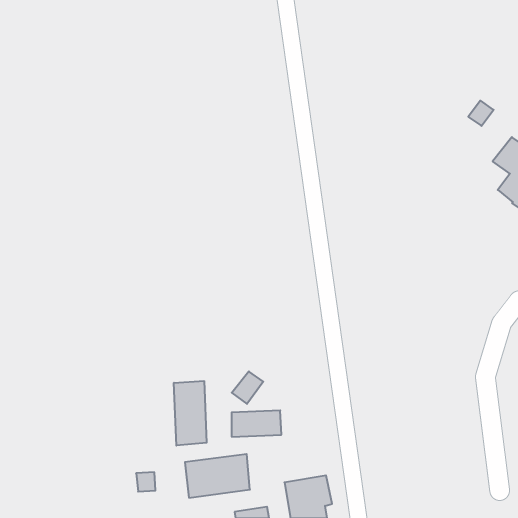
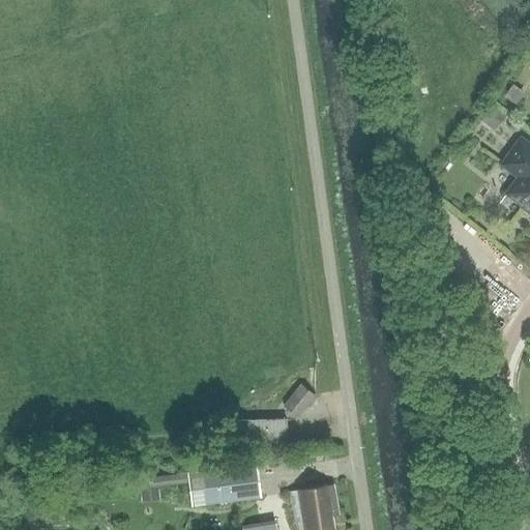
building: [232,371,263,404] -> [284,384,316,417]
building: [174,381,207,446] -> none

